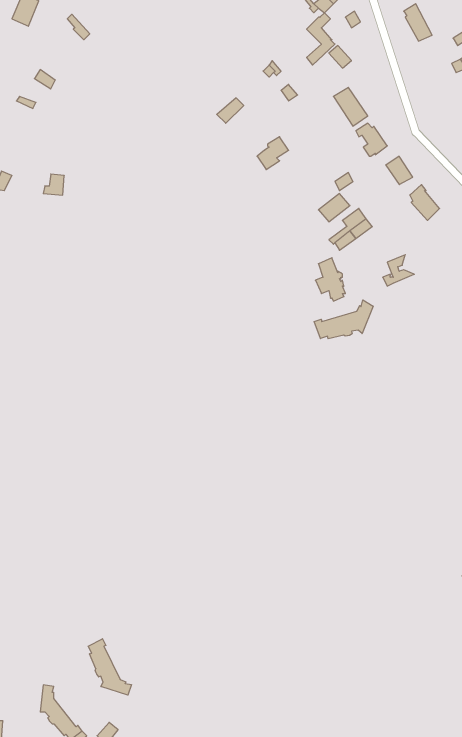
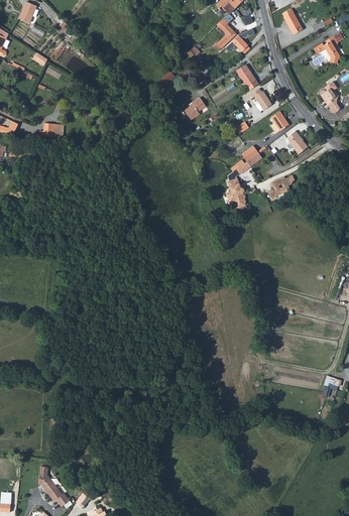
building: [314,300,373,339] -> none
building: [88,639,131,695] -> none

